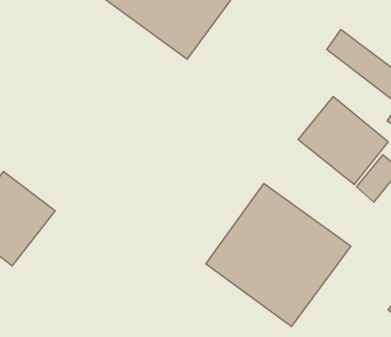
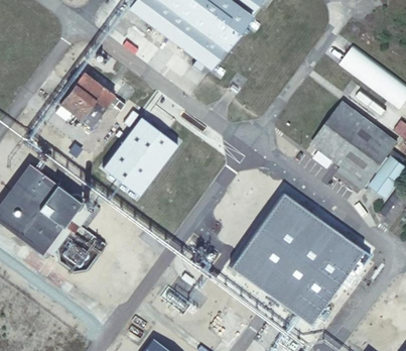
building: none -> [59,79,113,132]
building: none -> [103,118,178,199]

